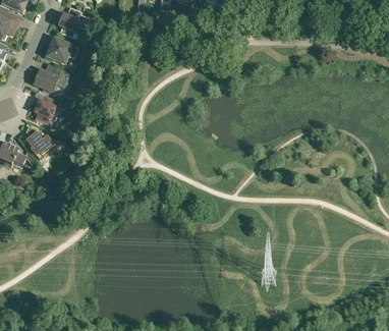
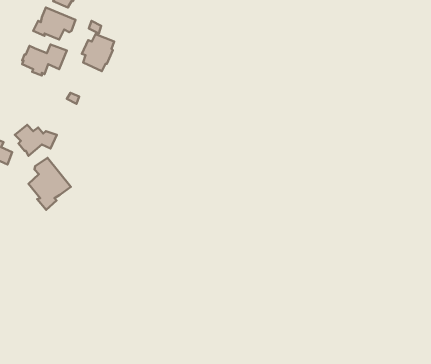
building: [34,95,60,125] -> [82,34,114,71]
building: none -> [28,158,71,210]

